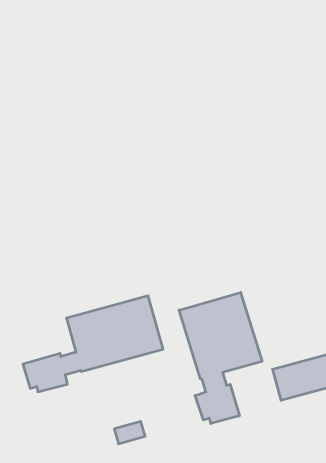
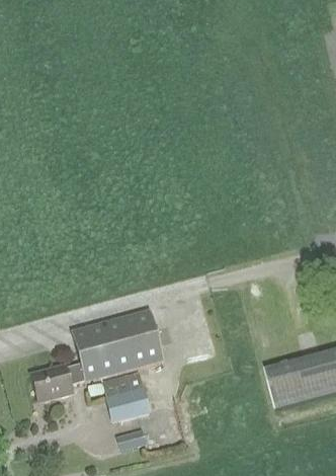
building: [179,292,262,424] -> none
building: none -> [101,369,149,420]

